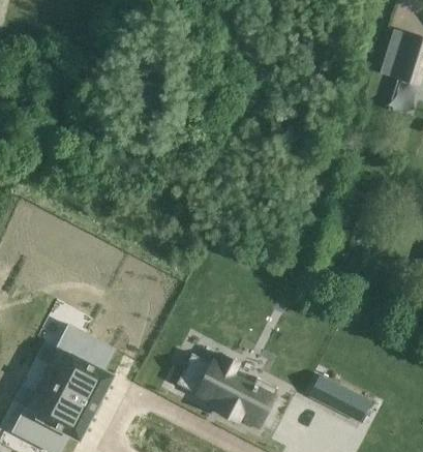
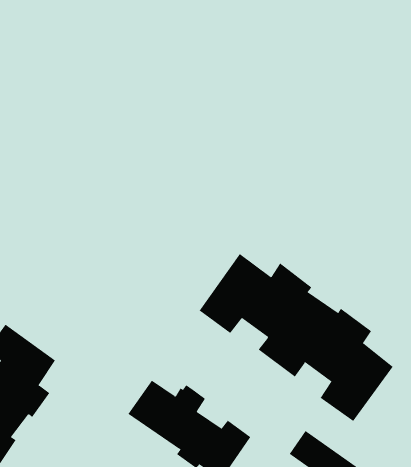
building: none -> [199,253,394,422]

